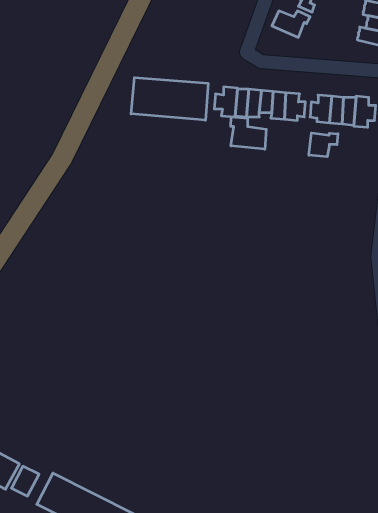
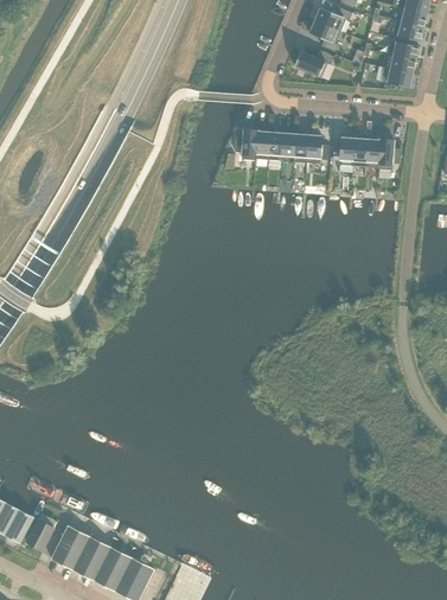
building: [131,78,208,120] -> none
building: [231,117,266,149] -> none
building: [309,133,338,157] -> none

